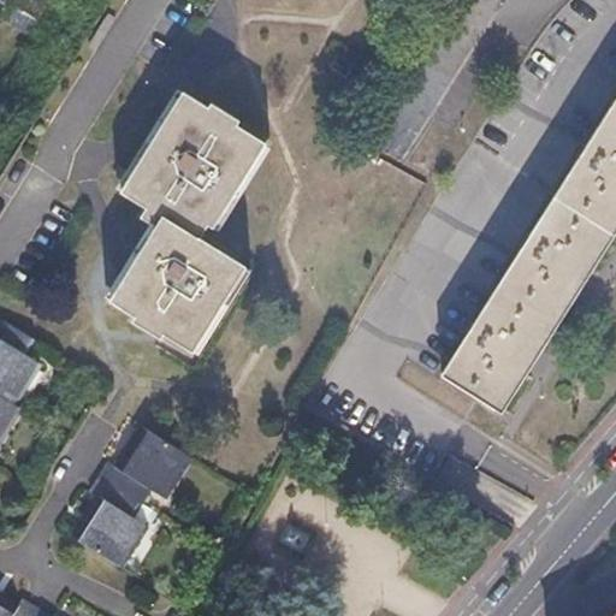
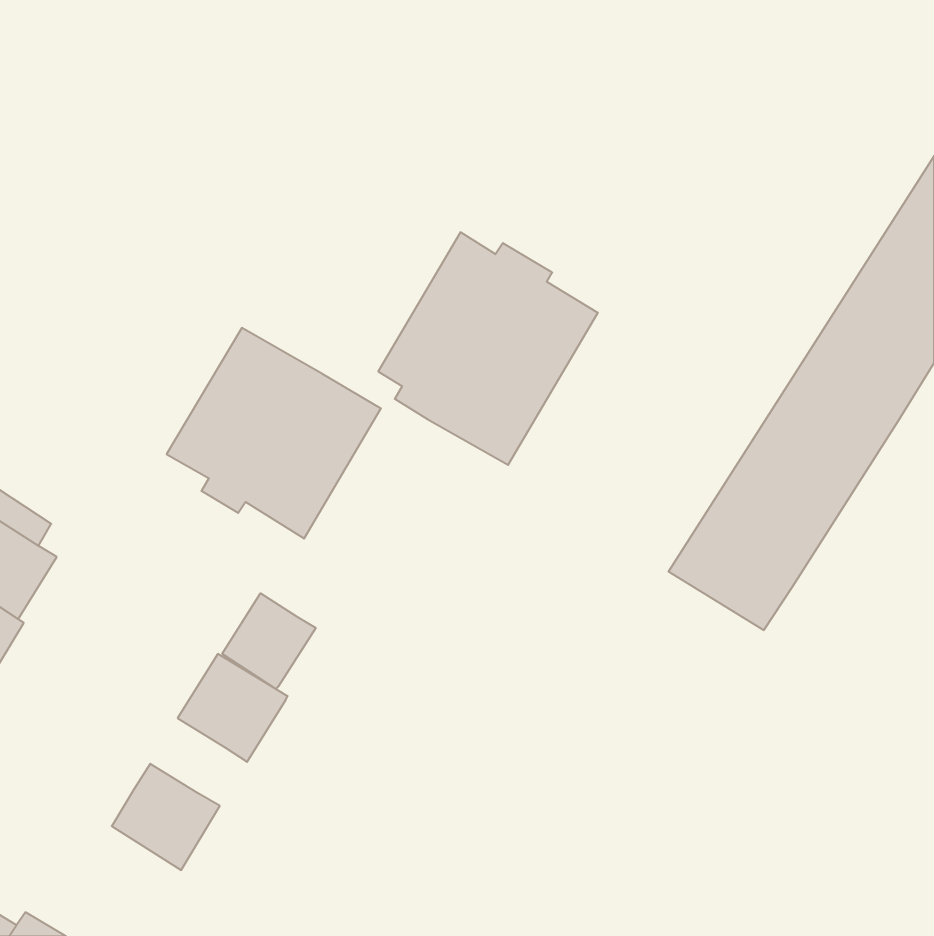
building: [126,93,271,245] -> [378,232,598,465]
building: none -> [222,593,316,689]
building: [91,468,148,521] -> none

